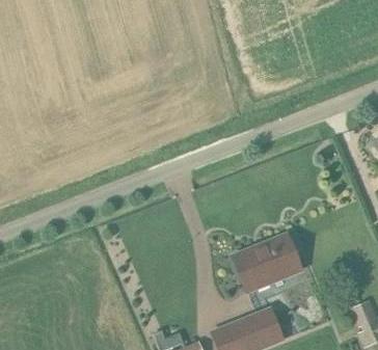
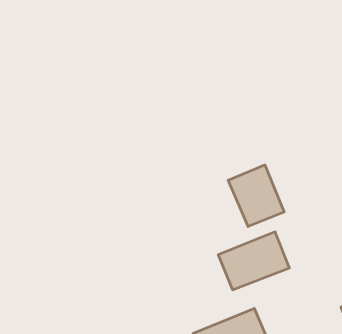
building: none -> [228,165,284,227]

